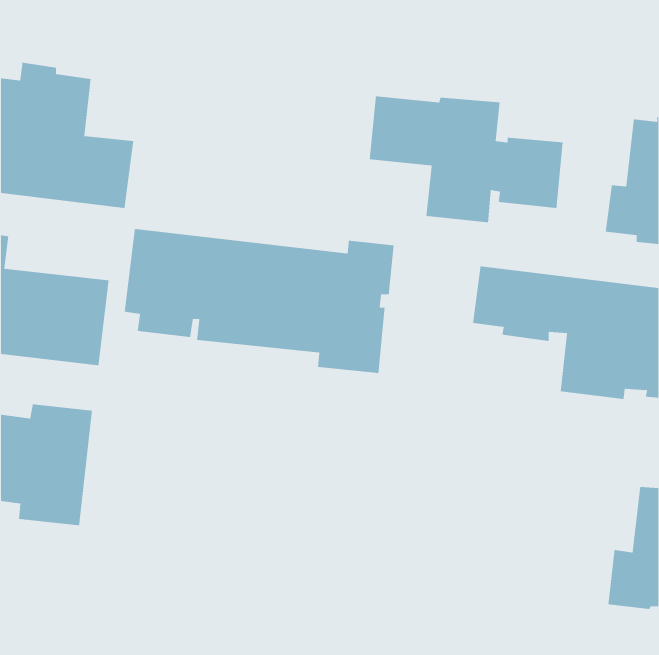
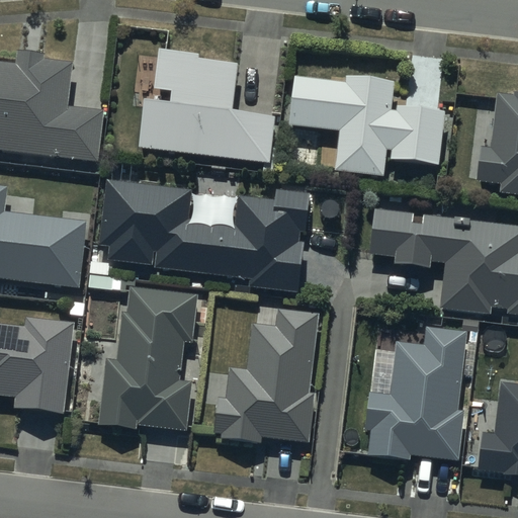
building: none -> [138,51,273,162]
building: none -> [97,286,198,429]
building: none -> [213,310,317,442]
building: none -> [364,325,466,460]

